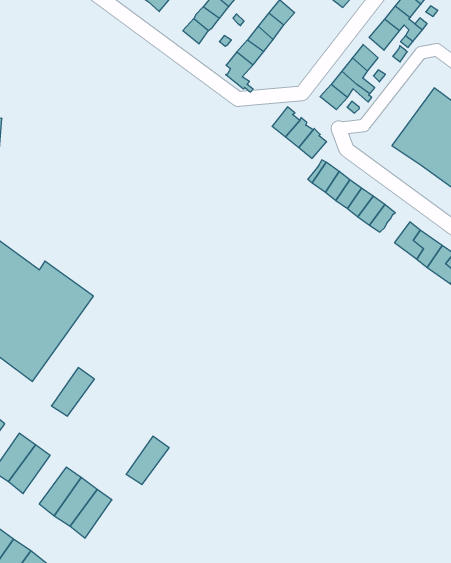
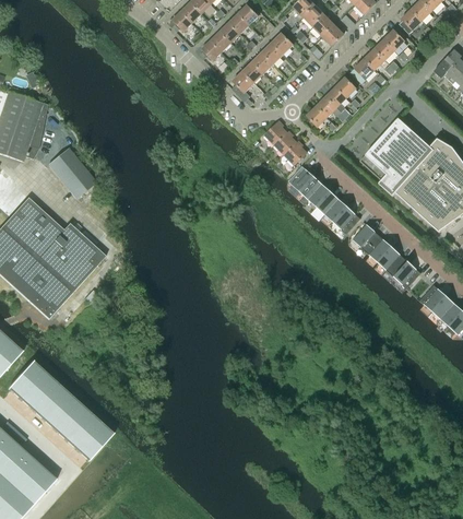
building: none -> [48,148,96,198]
building: [51,368,94,416] -> [31,380,68,418]
building: [126,436,169,485] -> [76,422,114,460]

